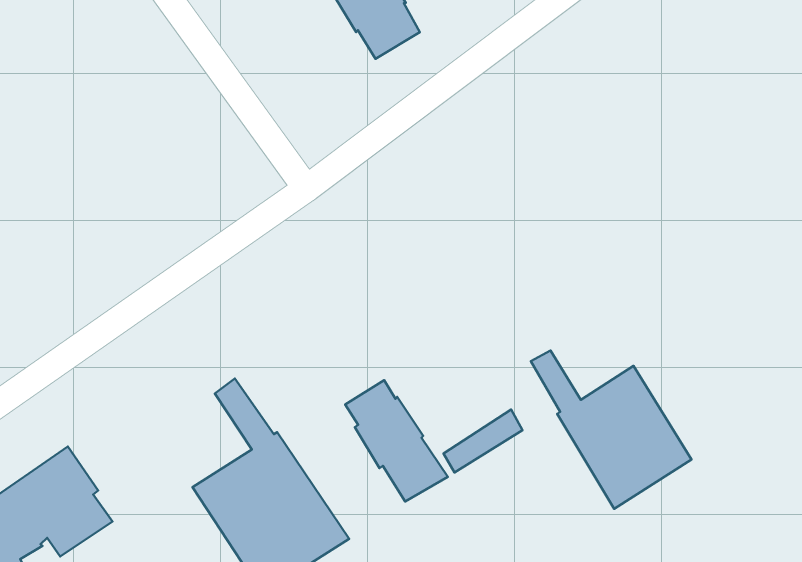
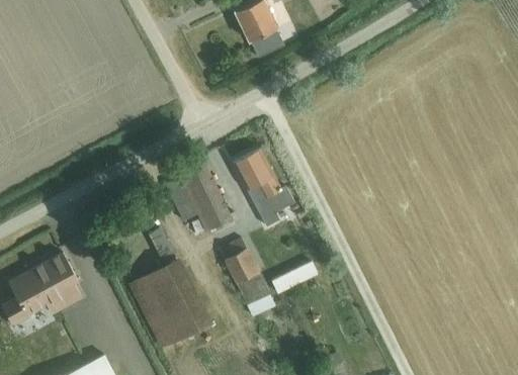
building: none -> [233,149,295,225]
building: none -> [165,162,232,232]
building: [531,351,691,509] -> none

